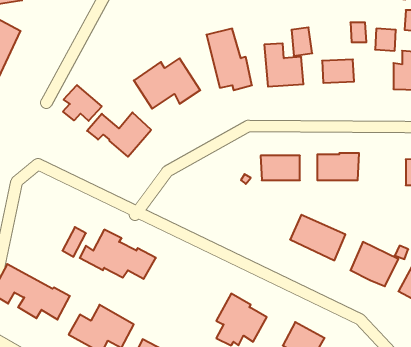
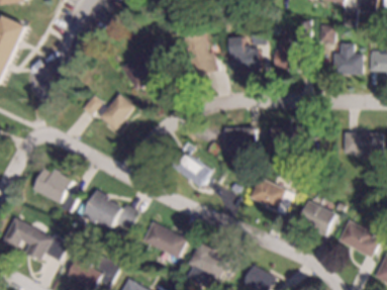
building: [63,85,102,121] -> none
building: none -> [171,152,211,187]
building: none -> [33,169,74,203]
building: none -> [142,221,187,259]

